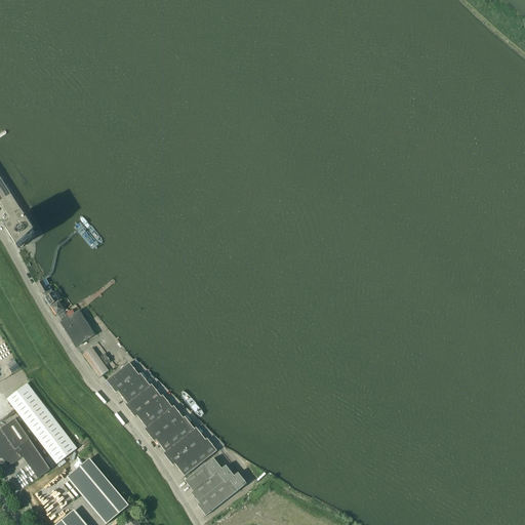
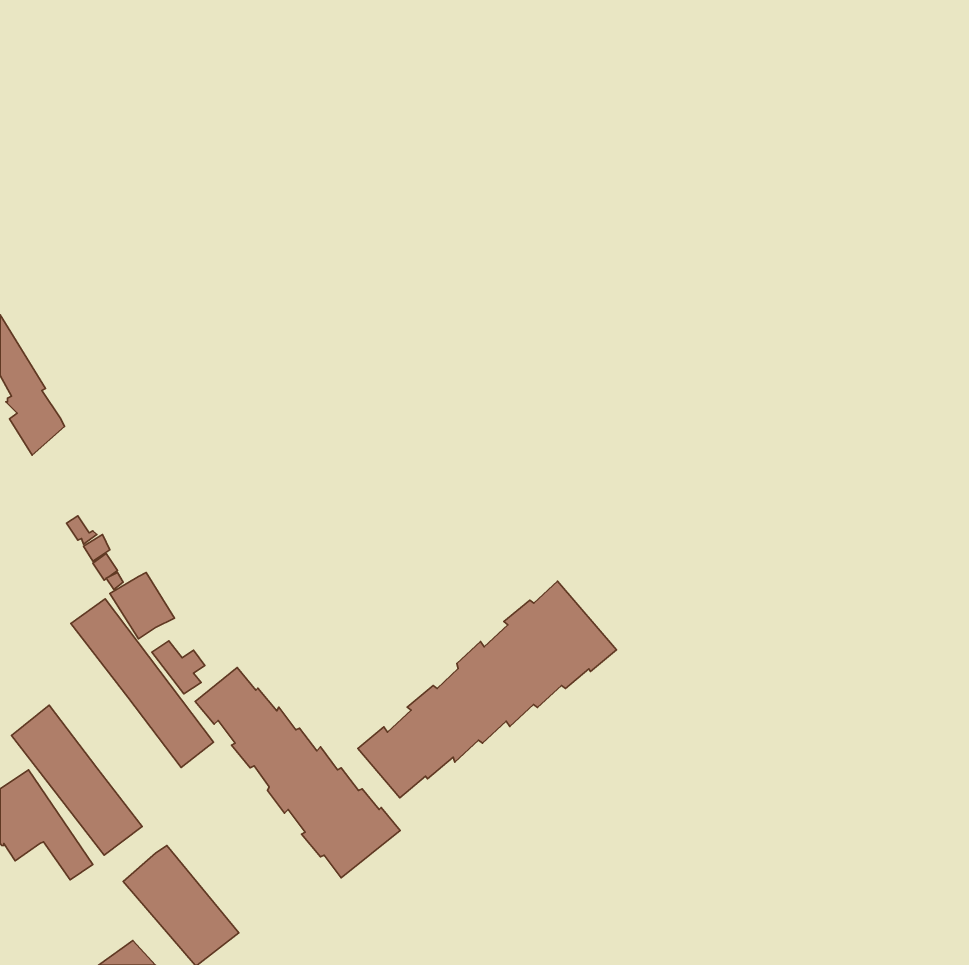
building: none -> [358,581,616,798]
building: none -> [71,599,214,768]
building: [185,456,246,514] -> none

